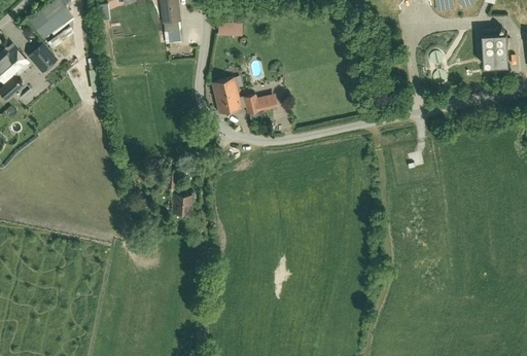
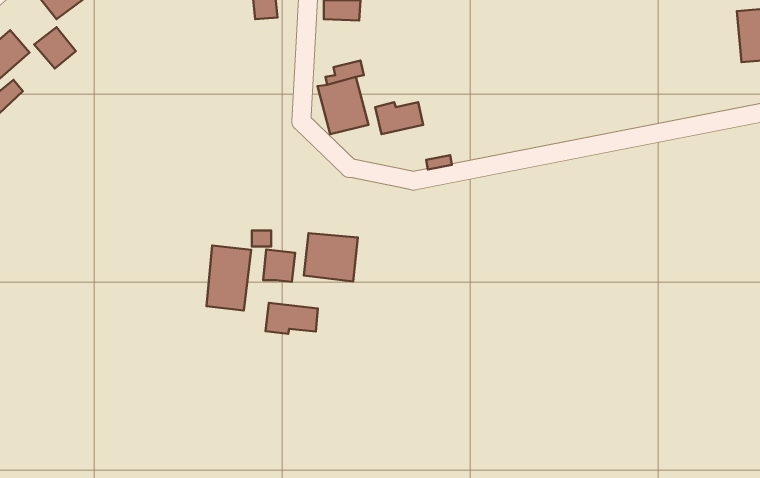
building: none -> [304,233,358,282]
building: none -> [206,245,251,311]
building: none -> [265,303,318,334]

